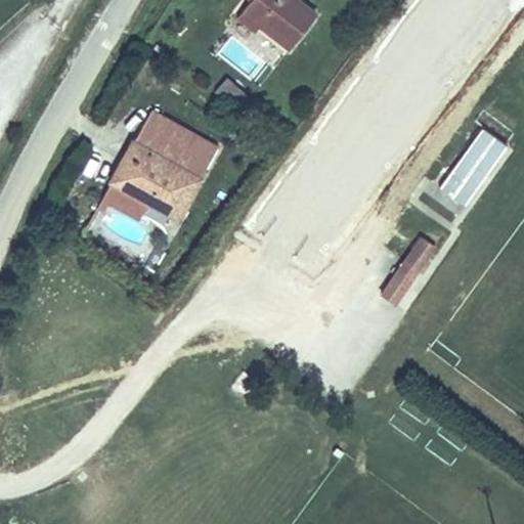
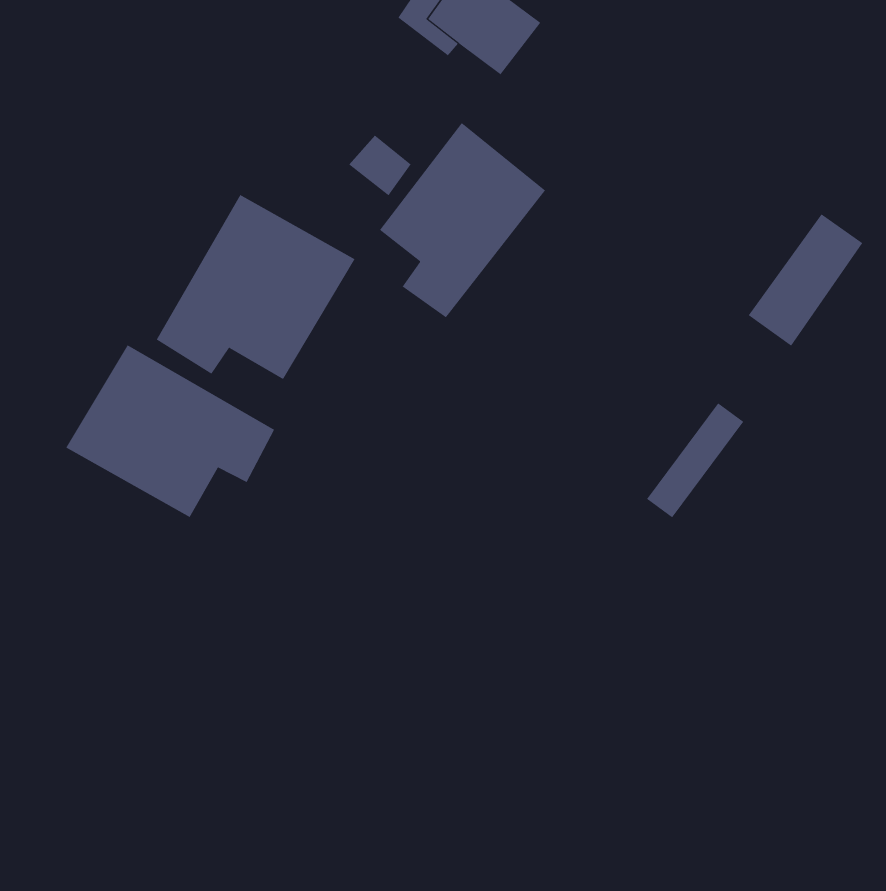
building: none -> [379,122,546,318]
building: none -> [66,344,275,518]

